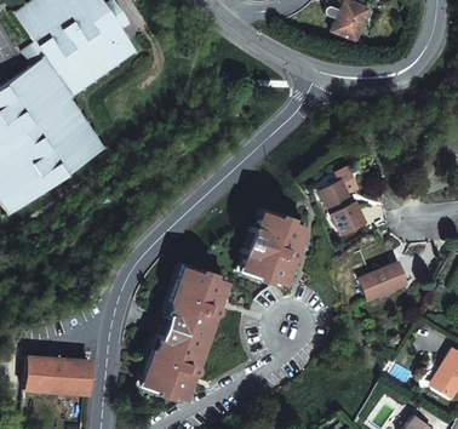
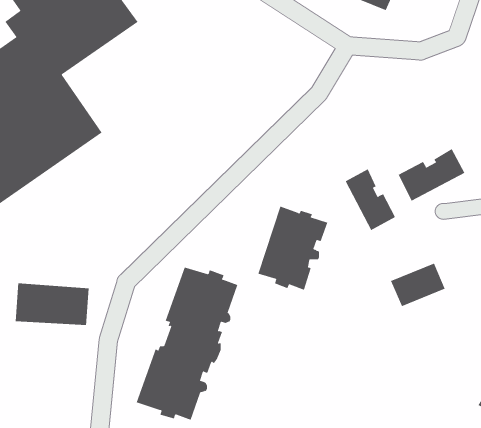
building: none -> [398,148,465,202]
building: [22,355,87,393] -> [15,283,89,326]

